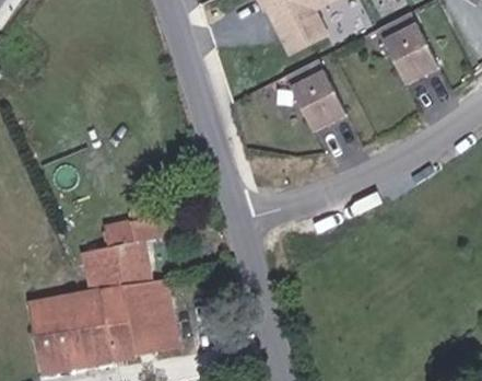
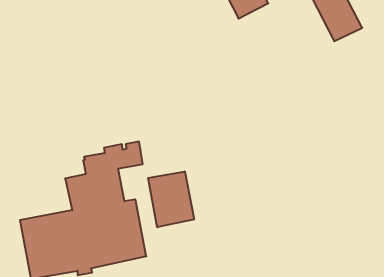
building: [285,61,348,135] -> none
building: none -> [148,171,194,227]

